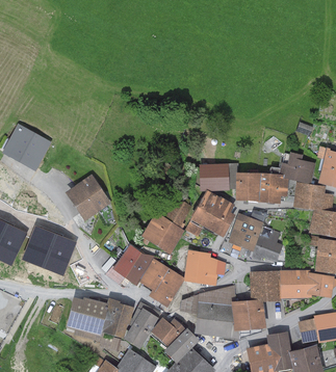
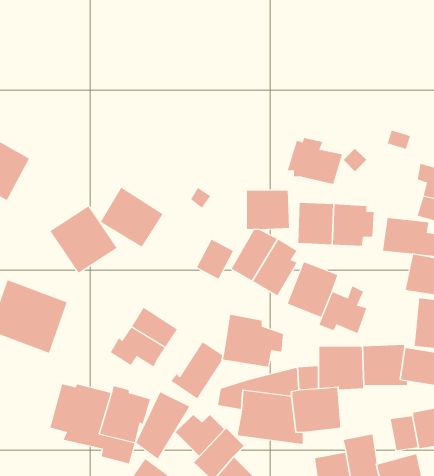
building: [279,152,317,184] -> [287,137,343,184]
building: [141,212,185,254] -> [100,187,163,247]
building: [138,258,170,292] -> none

